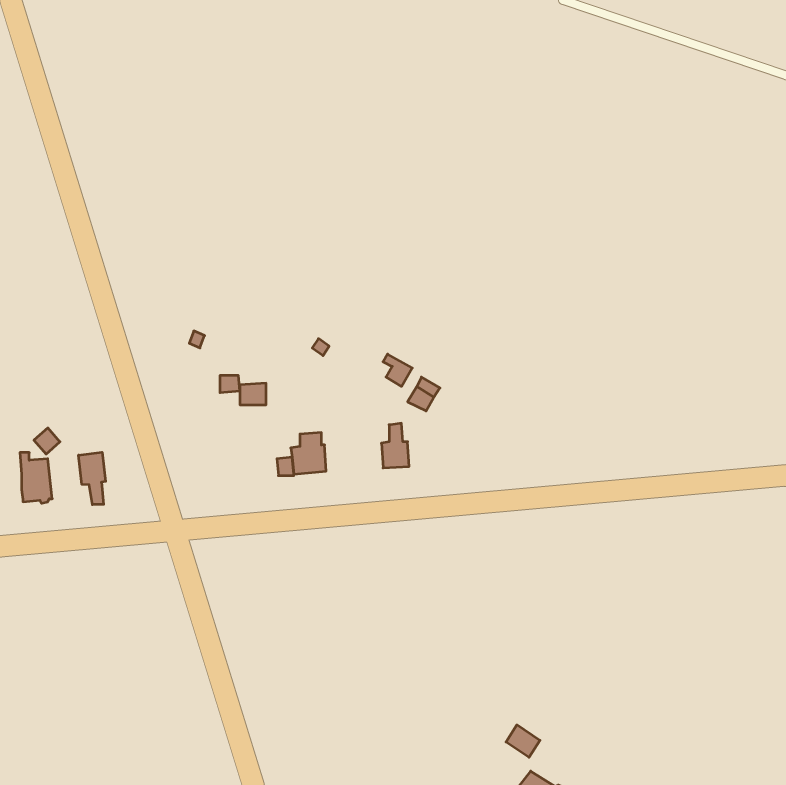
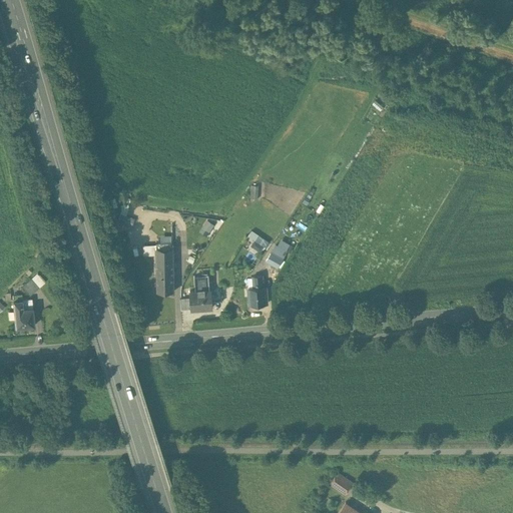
building: none -> [156,265,174,293]
building: [79,452,106,505] -> none

